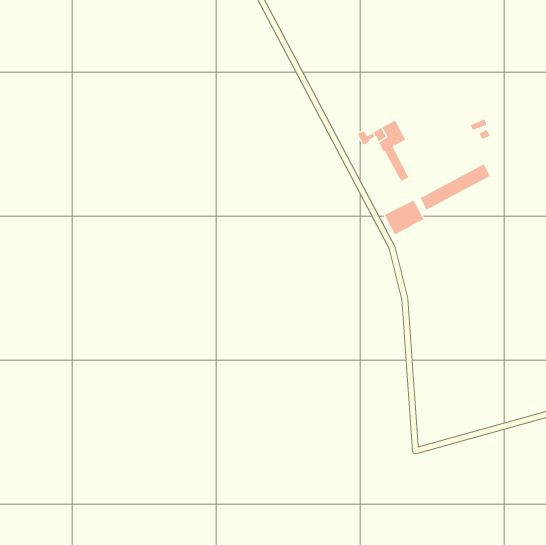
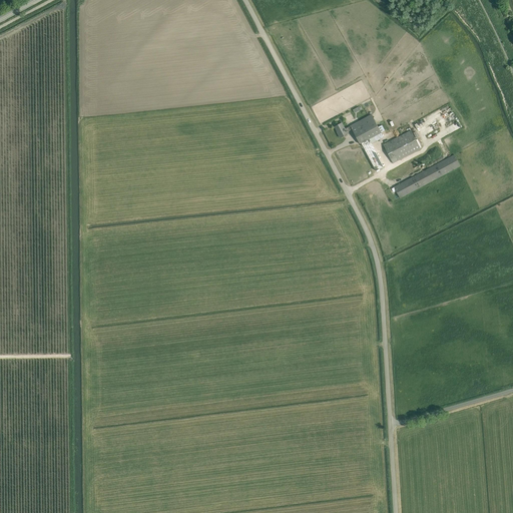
building: [384,200,424,235] -> [383,129,421,162]

